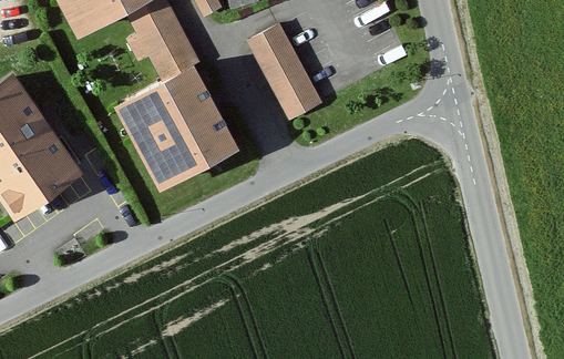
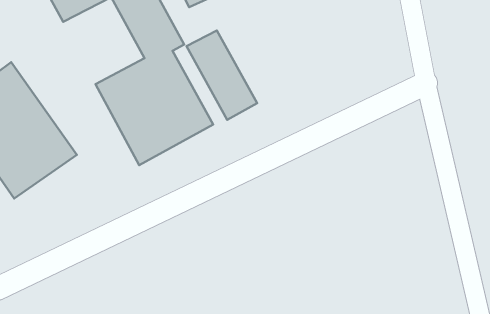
building: [252,27,327,122] -> [186,30,257,120]

